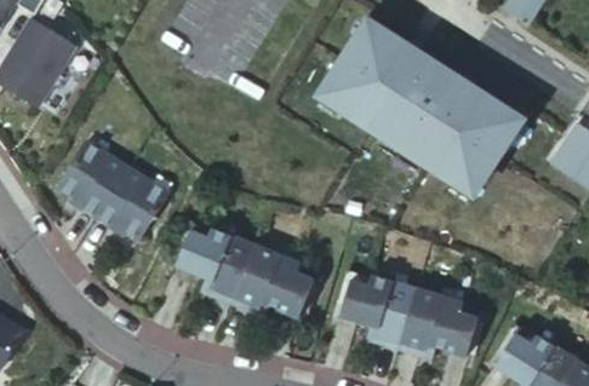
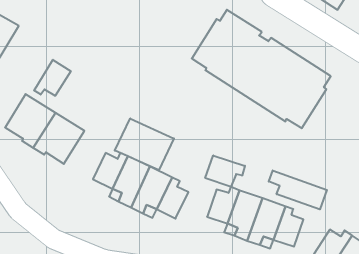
building: none -> [34,60,71,96]
building: none -> [115,118,174,170]
building: none -> [205,155,245,187]
building: none -> [269,170,327,209]

